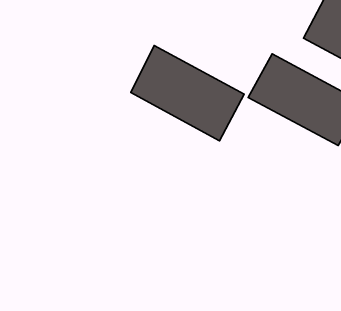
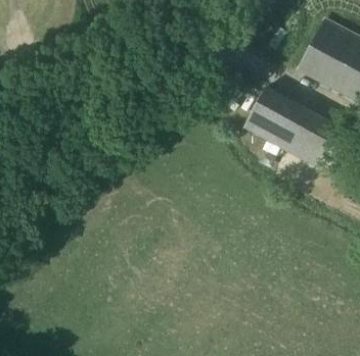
building: [131,46,244,141] -> none

